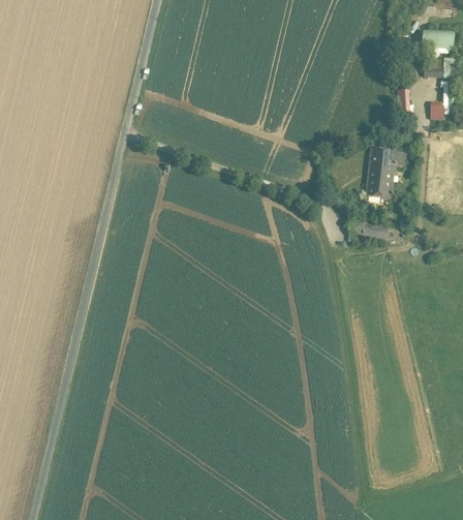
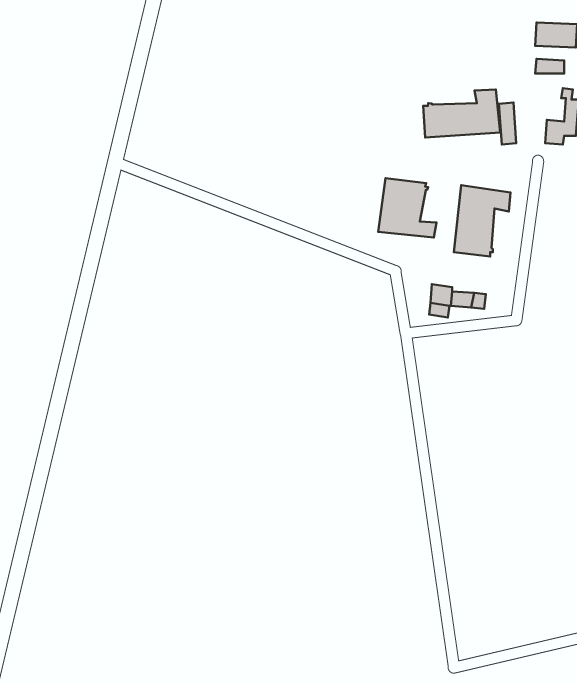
building: none -> [423,90,500,137]
building: none -> [378,178,436,237]

